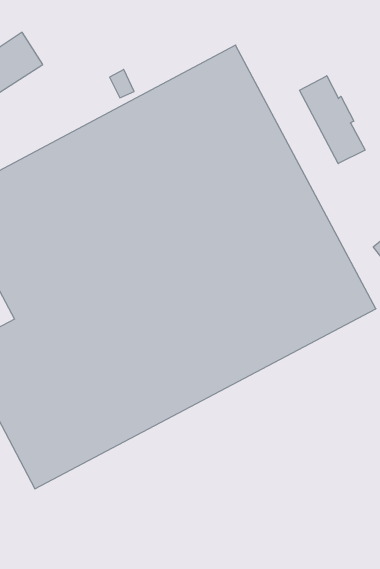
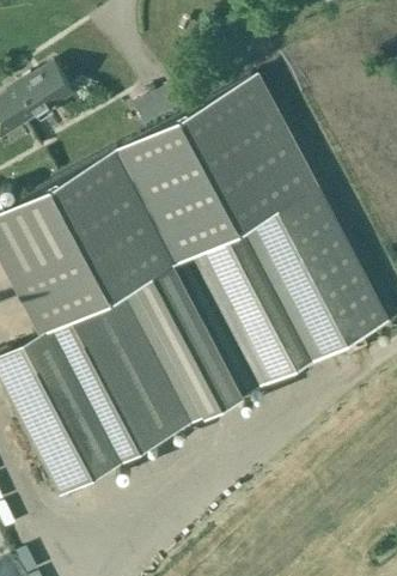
building: [300,76,365,164] -> none

